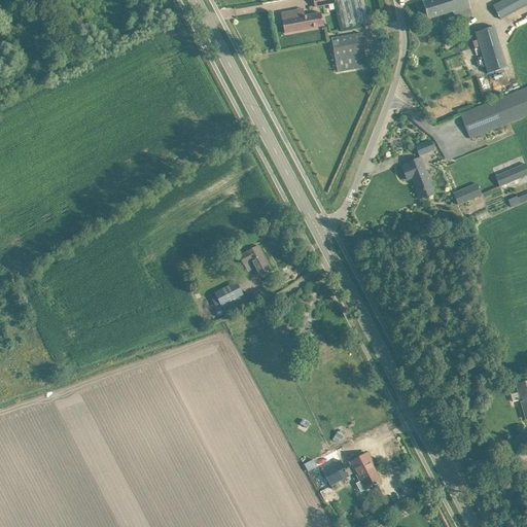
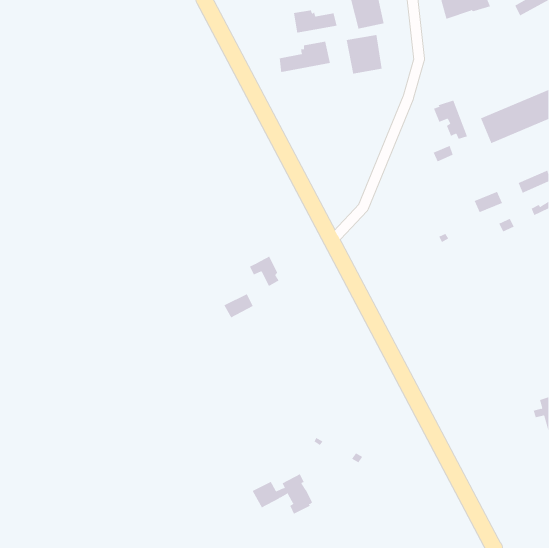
building: [475,26,506,72] -> none
building: none -> [279,41,330,73]
building: [401,157,434,196] -> [433,100,468,140]
building: [321,452,380,491] -> [252,474,313,514]

